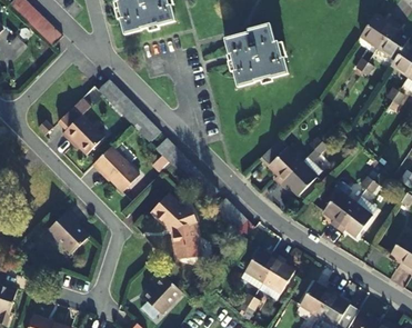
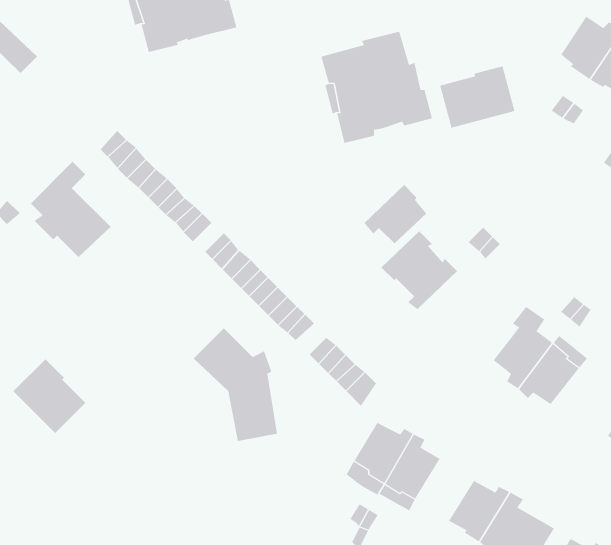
building: none -> [439,65,515,129]
building: [91,145,139,190] -> none
building: [280,161,316,196] -> [363,184,427,244]
building: [144,270,182,314] -> none

